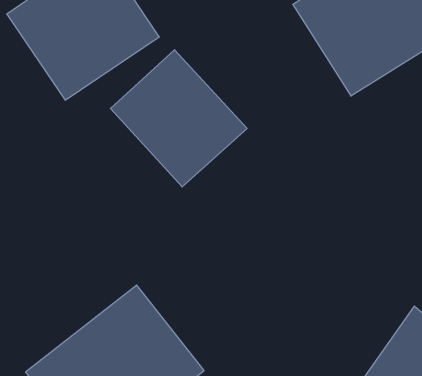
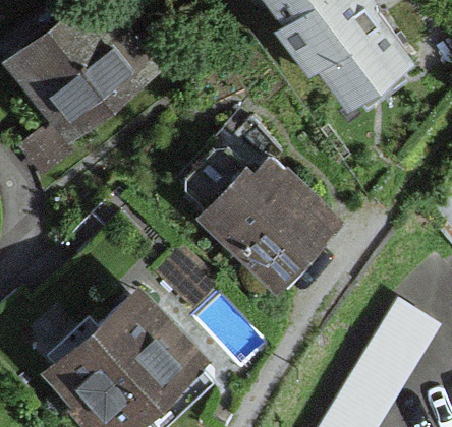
building: [110,50,247,187] -> none
building: none -> [207,150,337,281]

